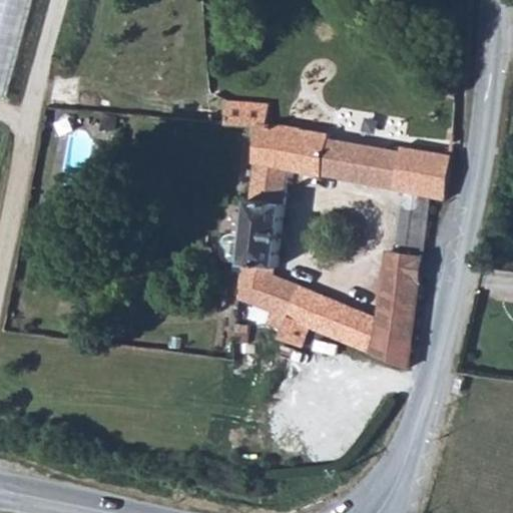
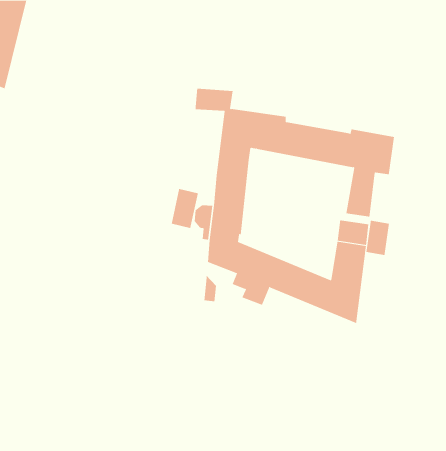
building: none -> [171,188,199,229]
building: none -> [366,220,390,256]

